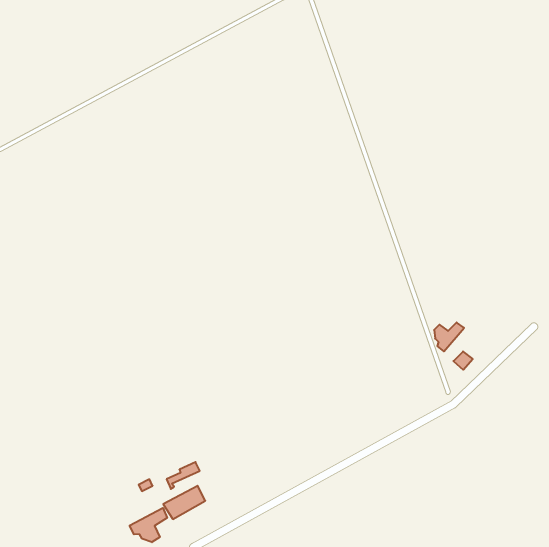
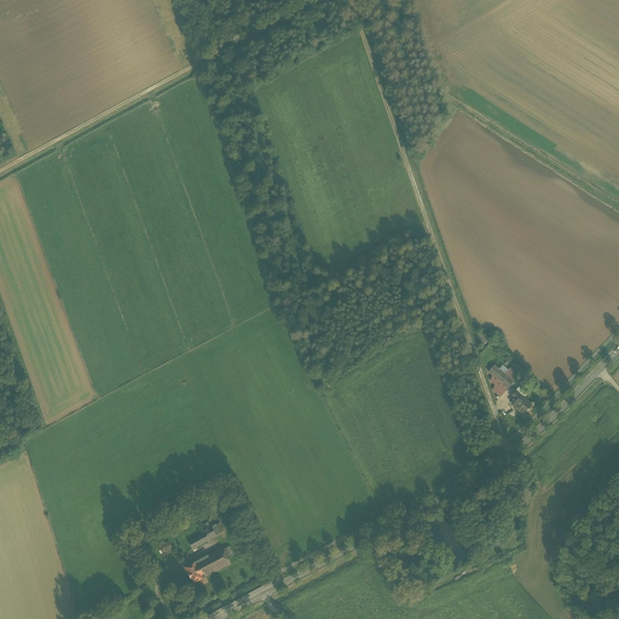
building: [130,508,167,542] -> none

